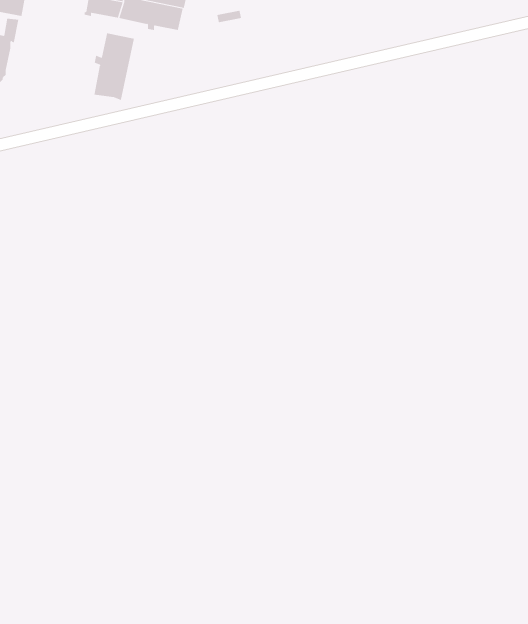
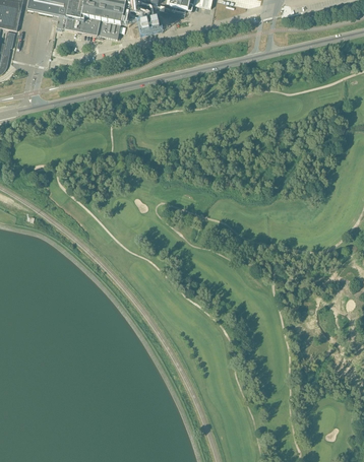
building: [94,32,134,101] -> none

